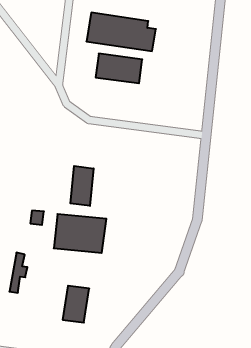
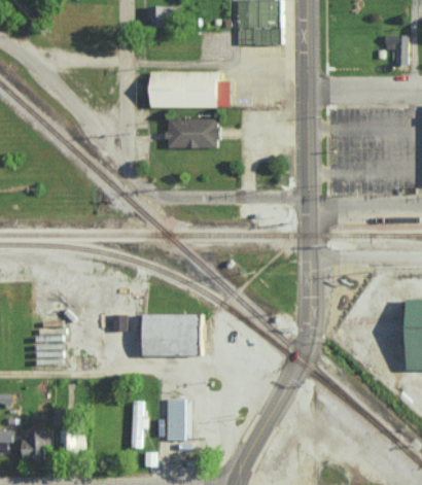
building: [70,166,94,206] -> none
building: [9,253,27,293] -> [129,401,146,448]

